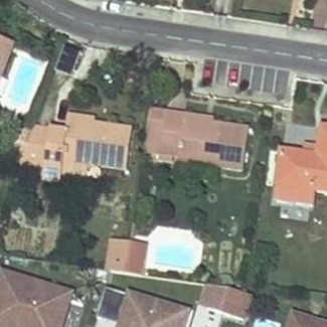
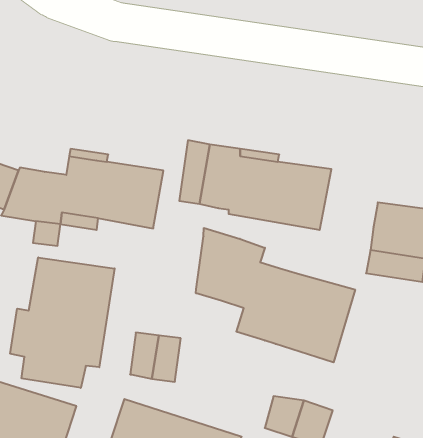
building: none -> [196,228,355,362]
building: none -> [10,257,115,388]

